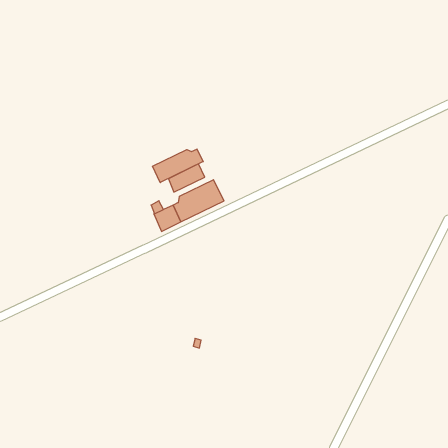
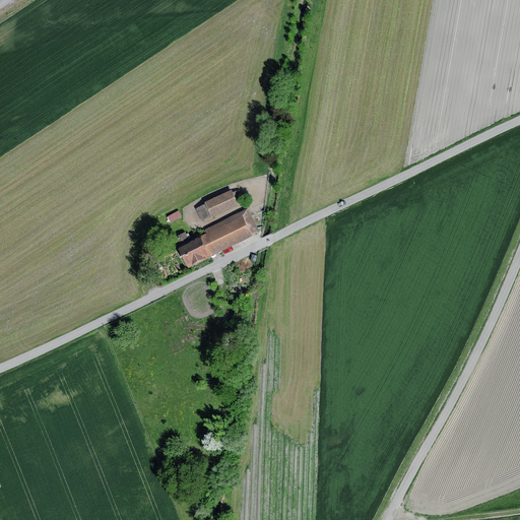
building: [153,149,203,183] -> none

